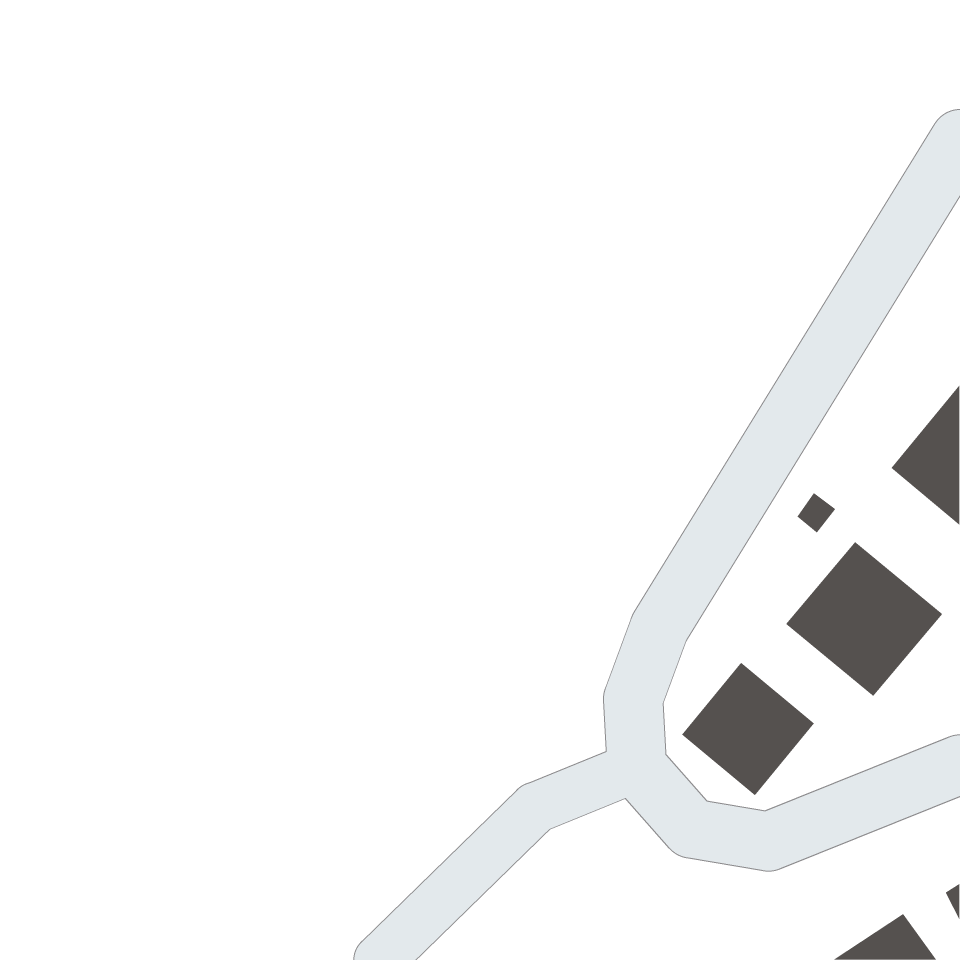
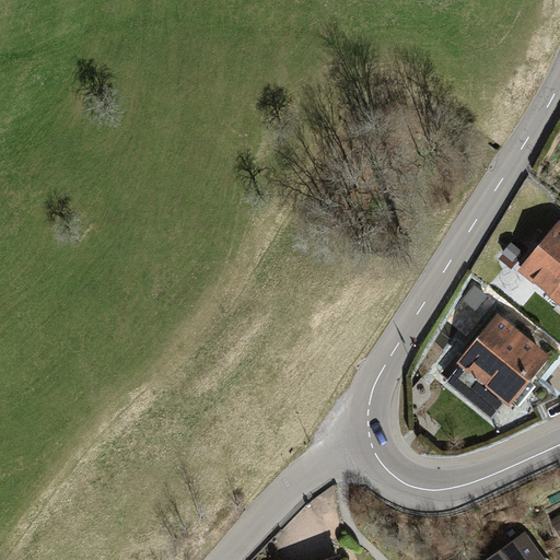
building: [681,662,815,796] -> none

